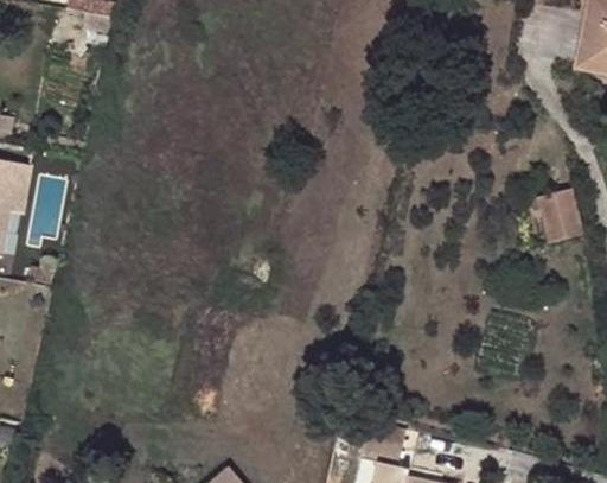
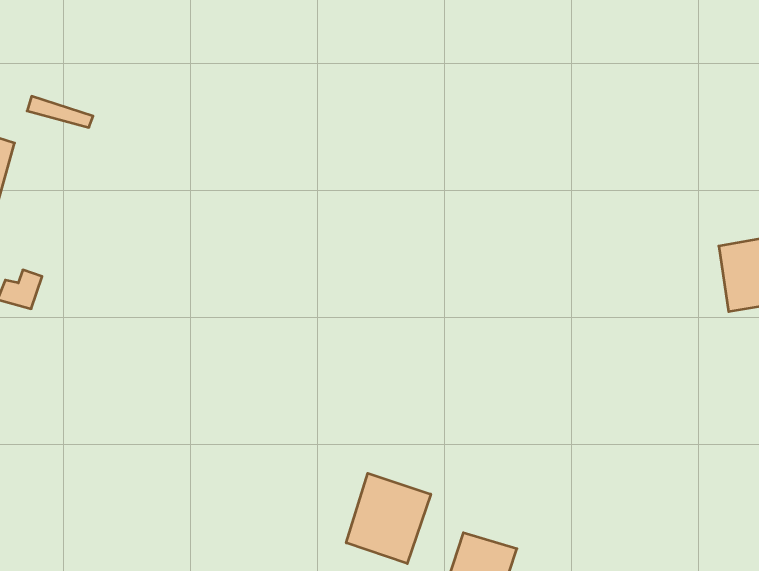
building: none -> [346,473,431,564]

